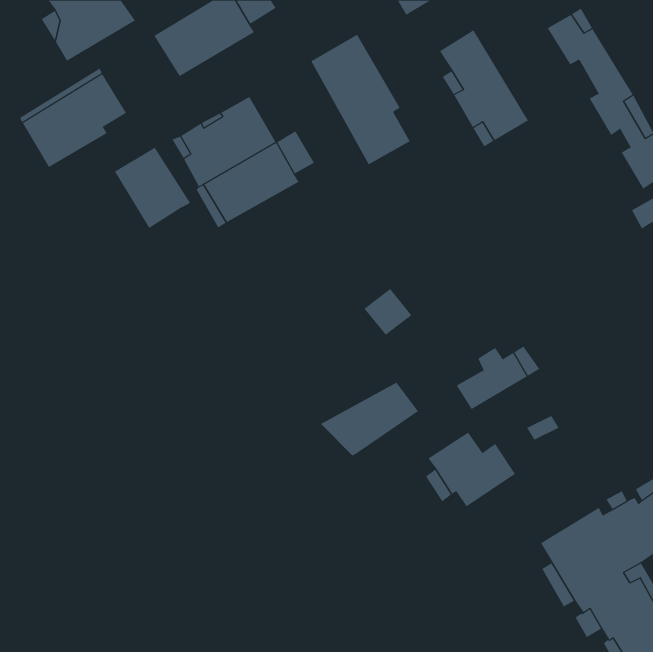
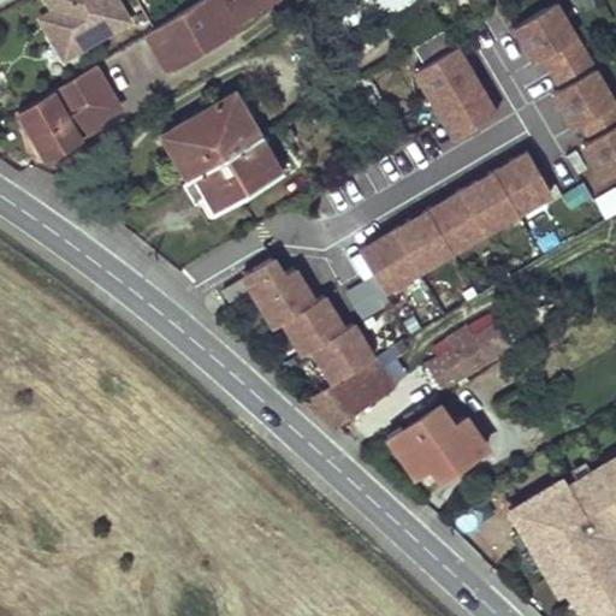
building: [311,34,411,165] -> none
building: [114,147,191,229] -> none
building: none -> [365,153,549,294]
building: none -> [245,257,375,384]

